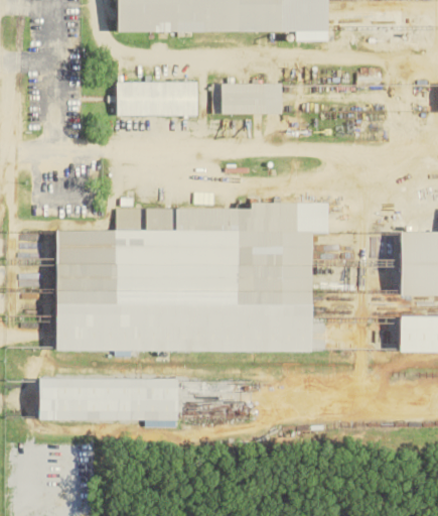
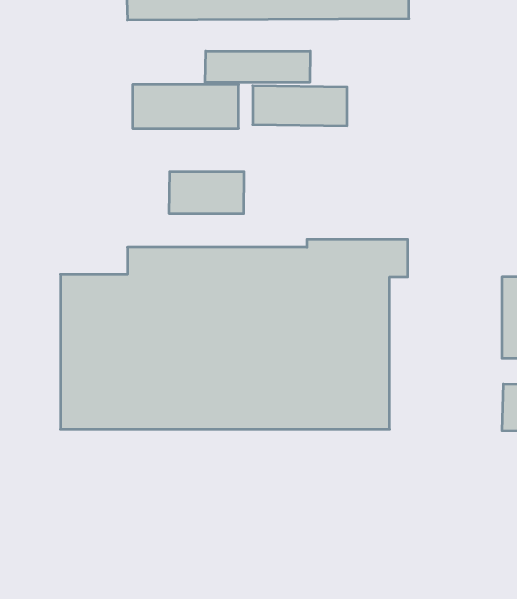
building: none -> [205,51,310,82]
building: none -> [169,172,244,214]
building: [40,379,179,420] -> none

